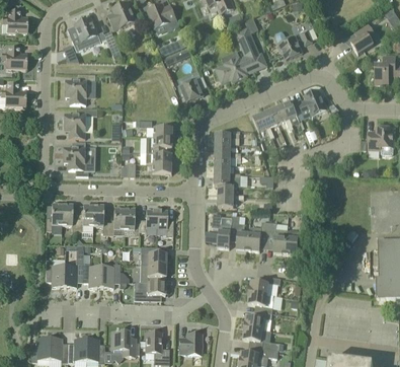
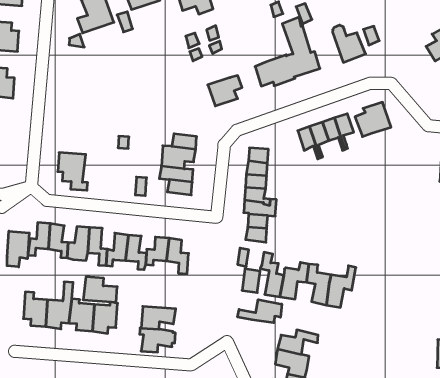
building: [66,79,87,103] -> none
building: [65,114,86,138] -> none
building: none -> [7,231,29,267]
building: [140,246,166,265] -> [83,277,117,302]
building: none -> [238,300,282,323]

